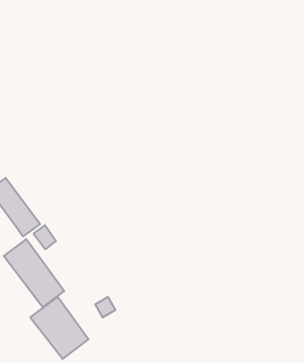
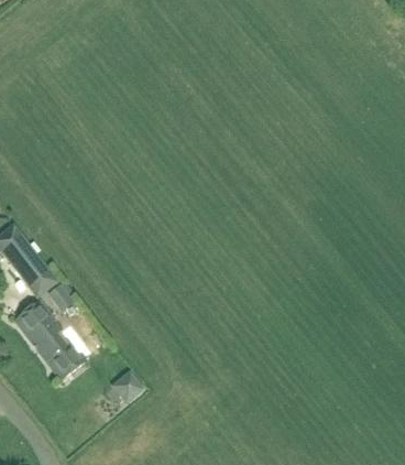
building: [30,297,89,359] -> none

